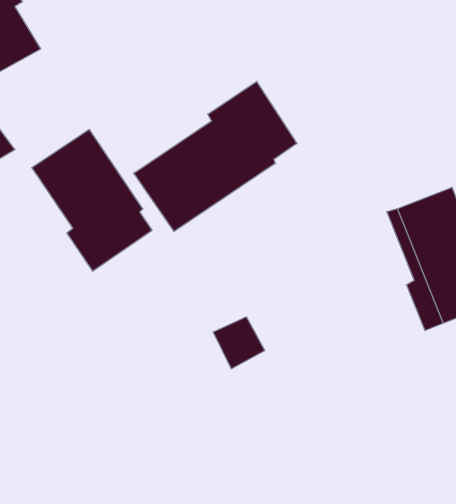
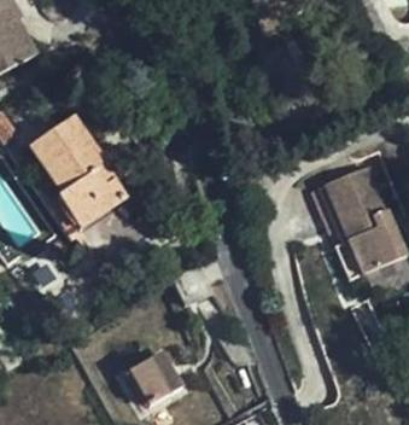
building: [134,81,297,232] -> none
building: none -> [132,353,185,406]

